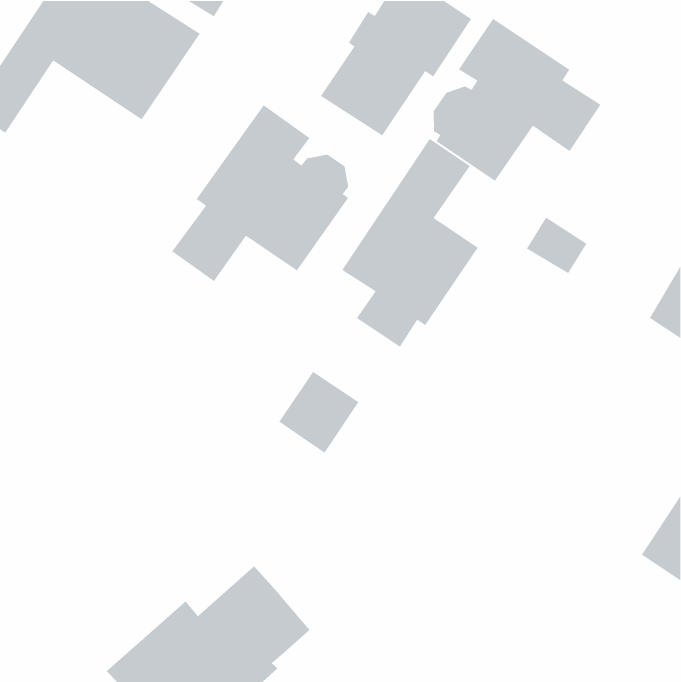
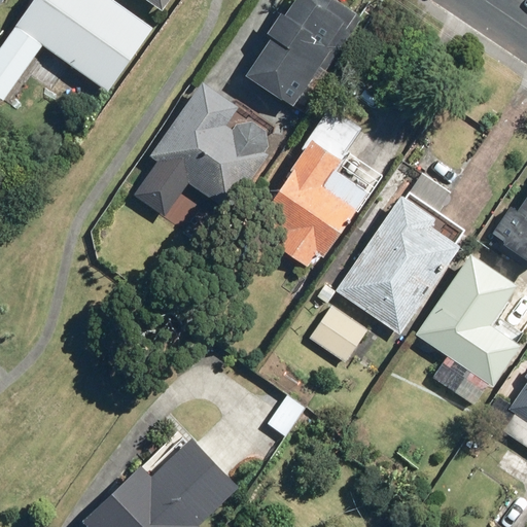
building: [433,18,602,182] -> none
building: none -> [340,198,458,332]
building: none -> [417,252,520,405]
building: [278,371,360,454] -> [308,300,371,363]

